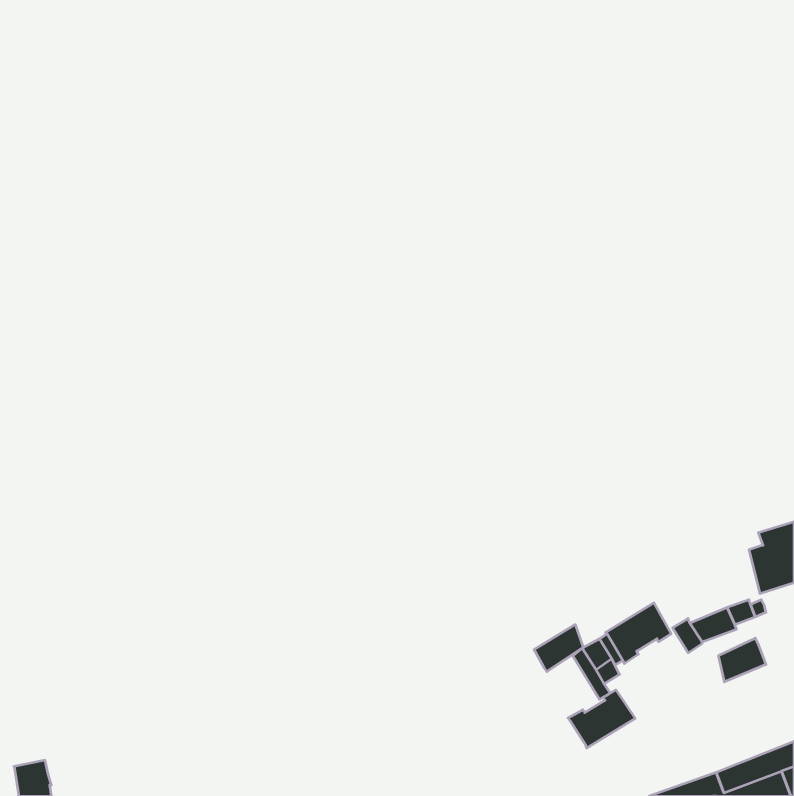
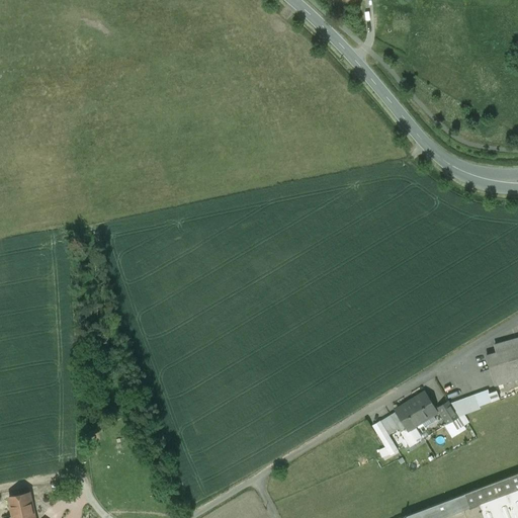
building: [534,625,583,672] -> none
building: [719,638,766,682] -> none
building: [568,690,635,748] -> none

